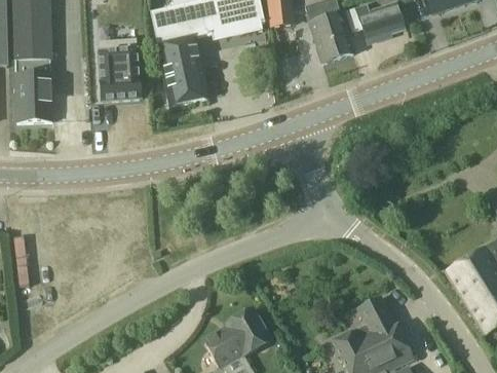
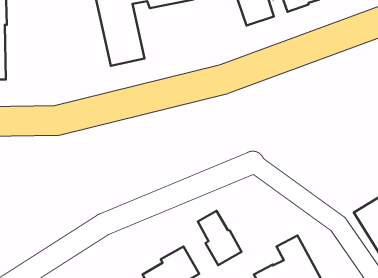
building: [97,39,140,101] -> none
building: none -> [198,211,242,265]

